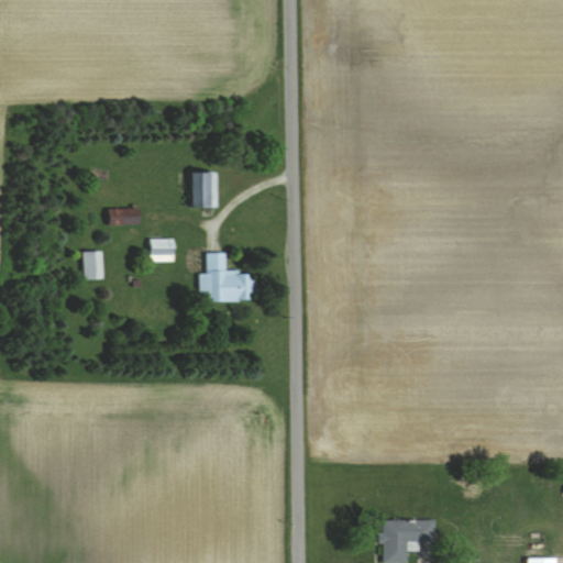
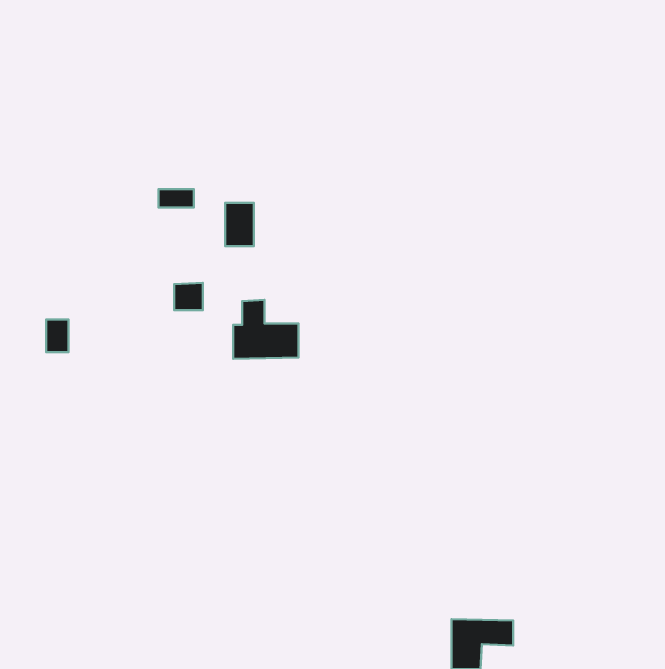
building: [109,208,139,223] -> [158,189,194,207]
building: [84,251,102,278] -> [46,320,68,352]

